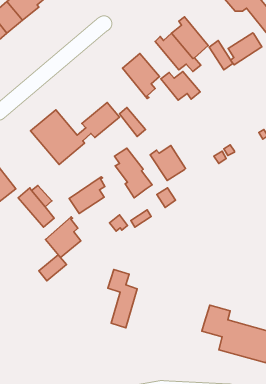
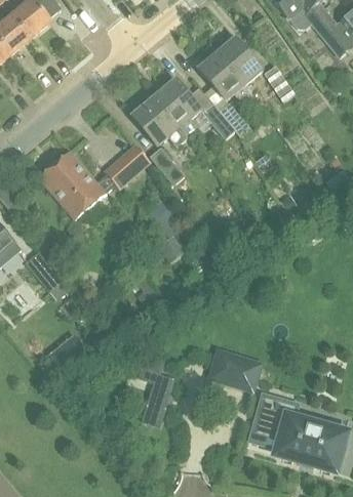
building: [228,33,262,65] -> none
building: none -> [132,98,186,146]
building: [150,146,186,180] -> none
building: [69,177,105,214] -> none
building: [46,217,81,258] -> none
building: none -> [206,345,263,391]

